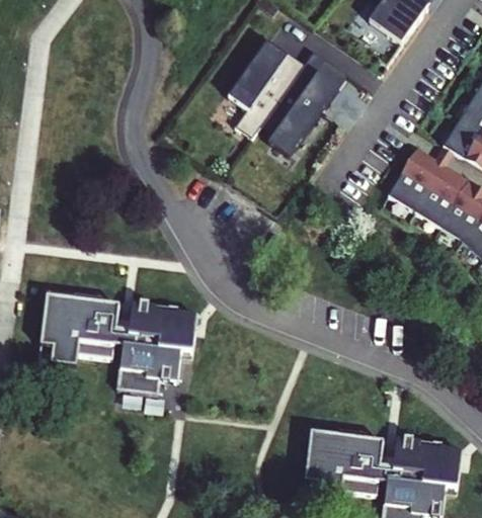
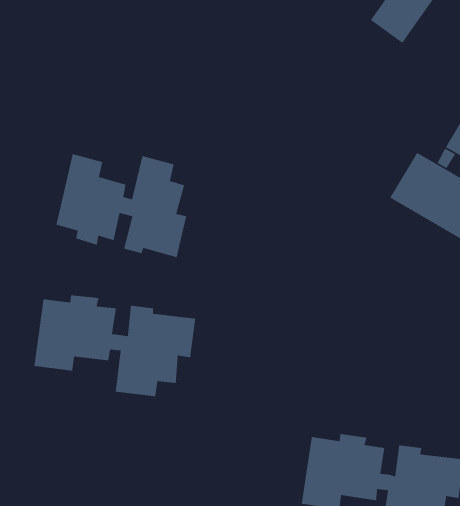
building: [228,44,348,158] -> none
building: none -> [56,153,187,258]

